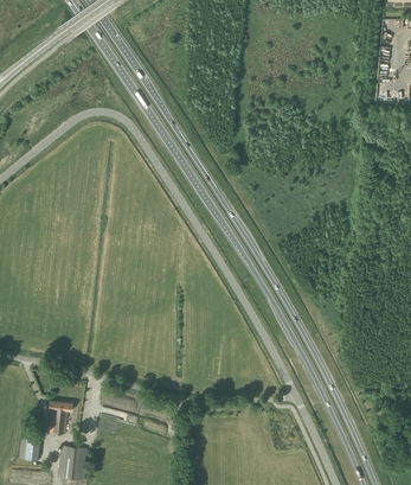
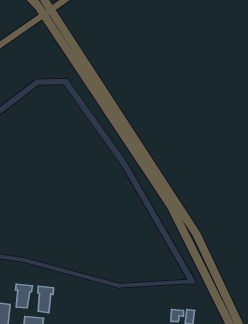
building: none -> [38,286,54,313]

